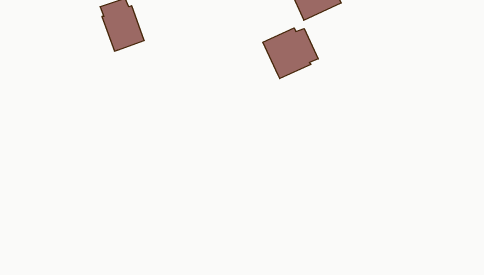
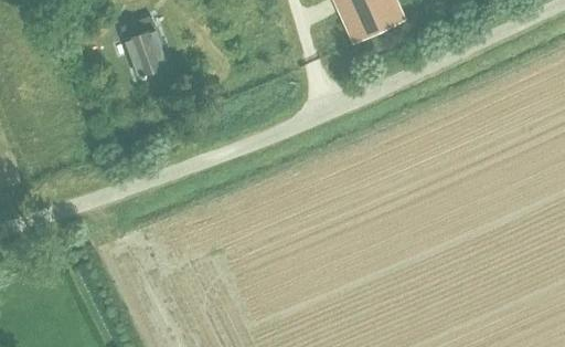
building: [263,28,318,79] -> none

